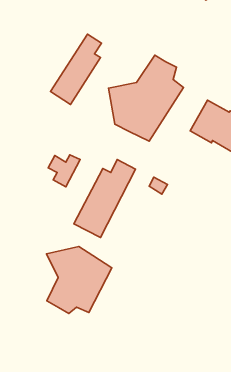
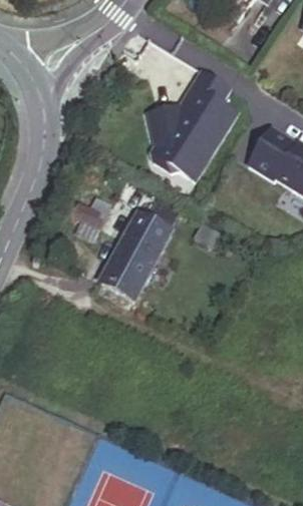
building: [51,34,101,104] -> none
building: [46,247,112,314] -> none

